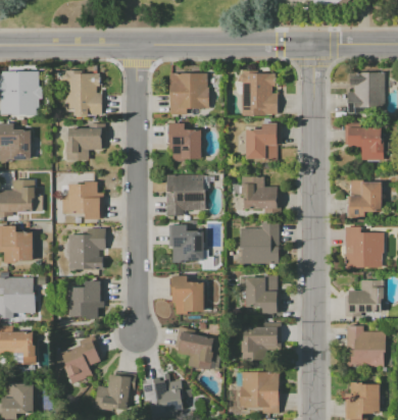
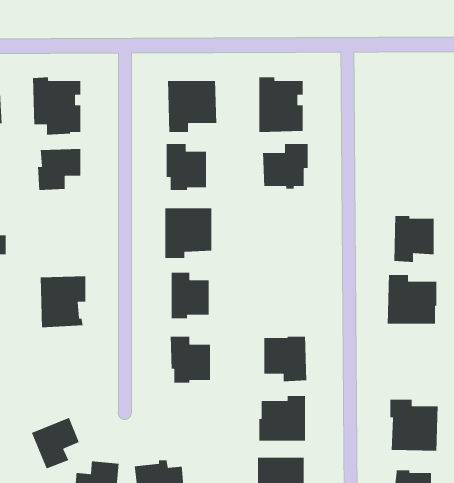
building: [346,72,383,107] -> none
building: [347,127,383,160] -> none
building: [233,177,277,208] -> none
building: [67,181,102,219] -> none
building: [240,222,279,264] -> none
building: [67,280,104,317] -> none
building: [344,280,383,317] -> none
building: [177,331,223,372] -> none

